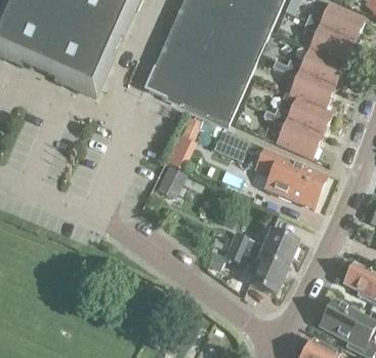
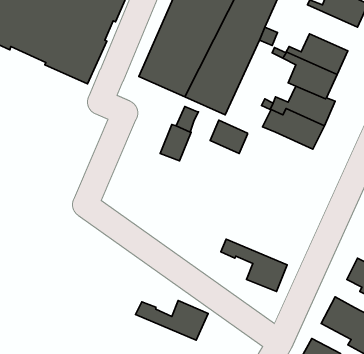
building: [303,19,354,64] -> none
building: [254,150,327,208] -> none
building: [153,164,183,202] -> none
building: [228,231,298,269] -> [135,301,208,340]

